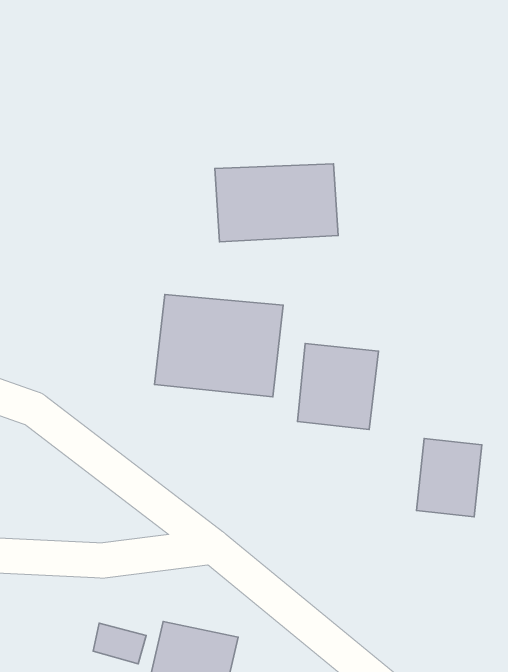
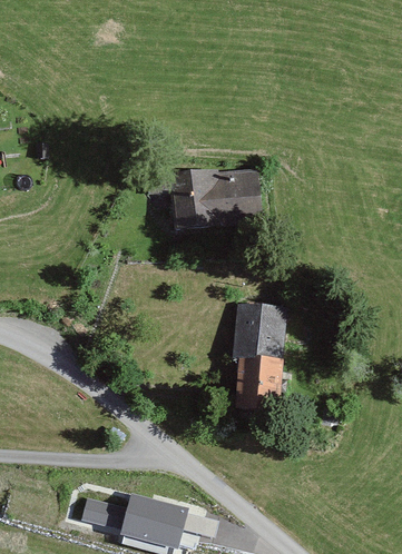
building: [154,295,283,397] -> none
building: [416,439,482,517] -> [234,356,281,412]

